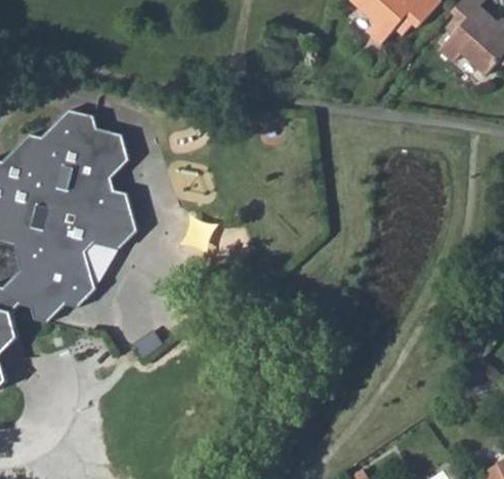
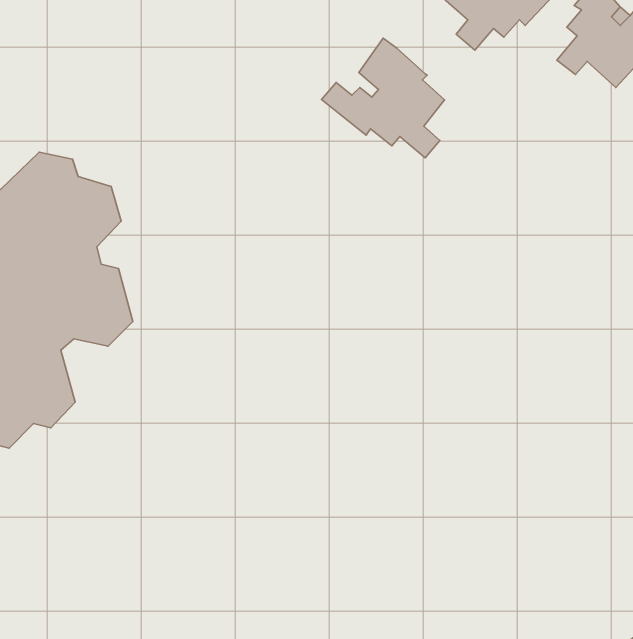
building: none -> [322,38,445,158]

